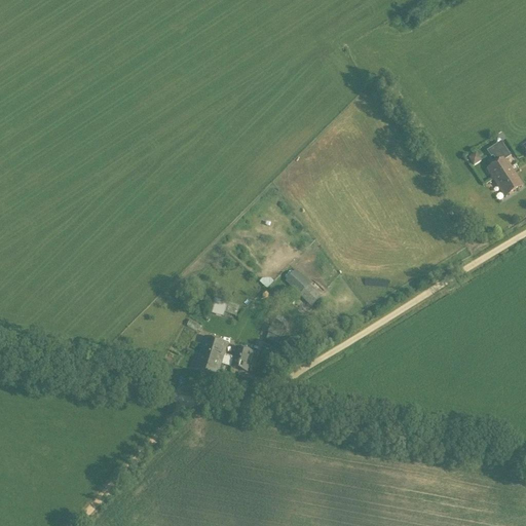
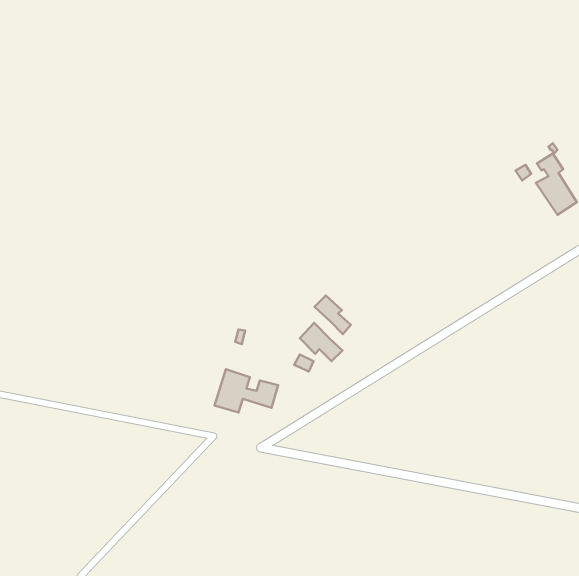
building: none -> [300,323,343,361]

